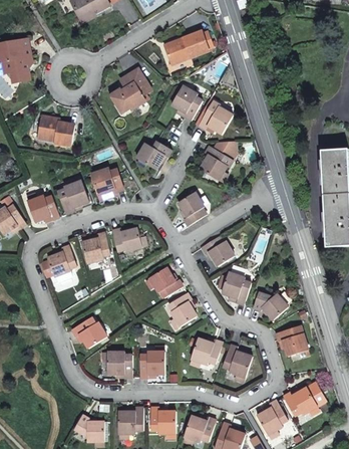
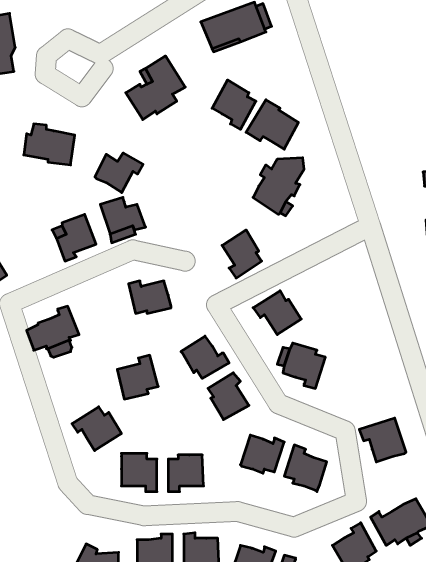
building: [136,142,170,170] -> [95,153,143,193]
building: [27,195,59,222] -> none
building: [81,232,110,263] -> [117,355,158,399]
building: [253,292,287,320] -> none

